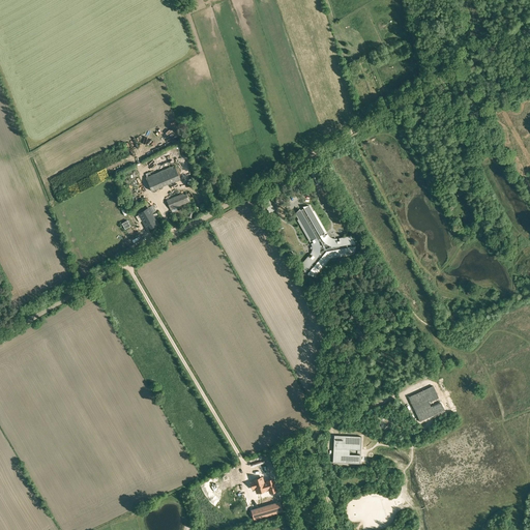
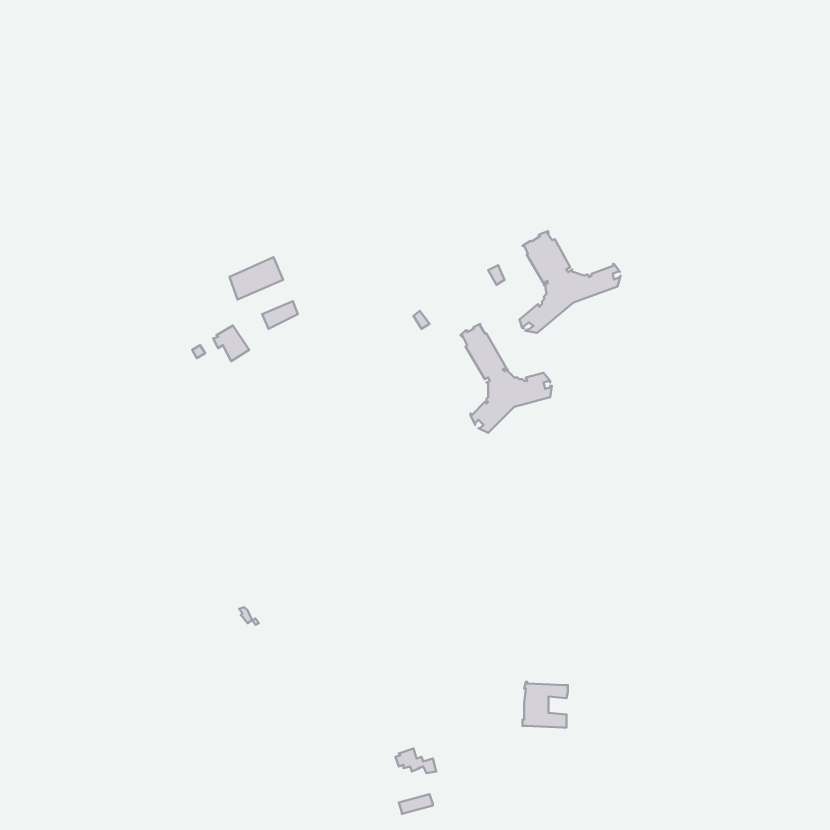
building: none -> [520,231,620,333]
building: [415,387,449,422] -> none

